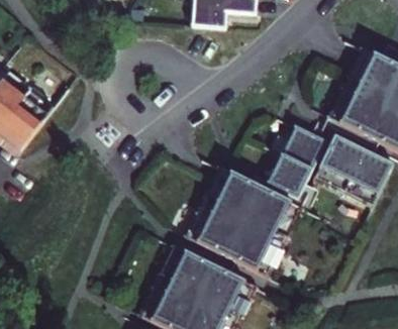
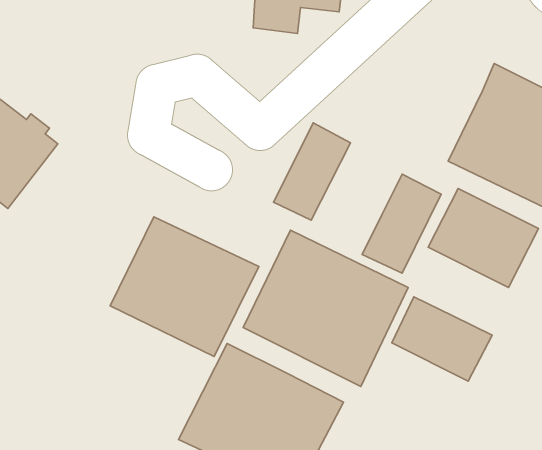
building: none -> [274,123,351,220]
building: none -> [110,217,259,356]
building: none -> [392,297,492,381]

